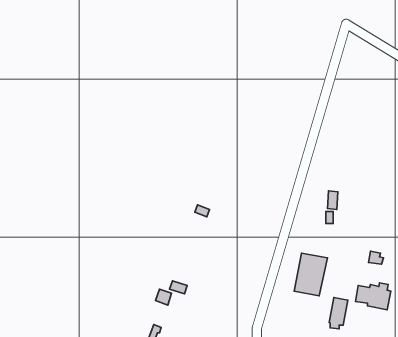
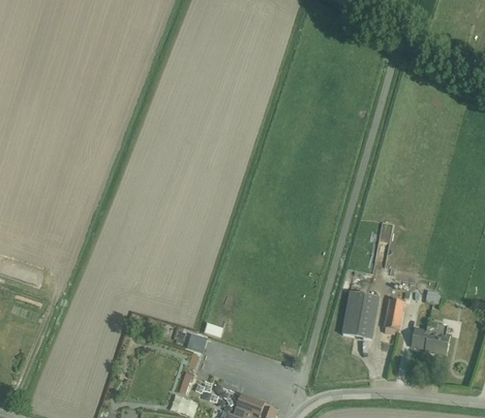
building: [329,297,348,329] -> [384,298,404,333]

